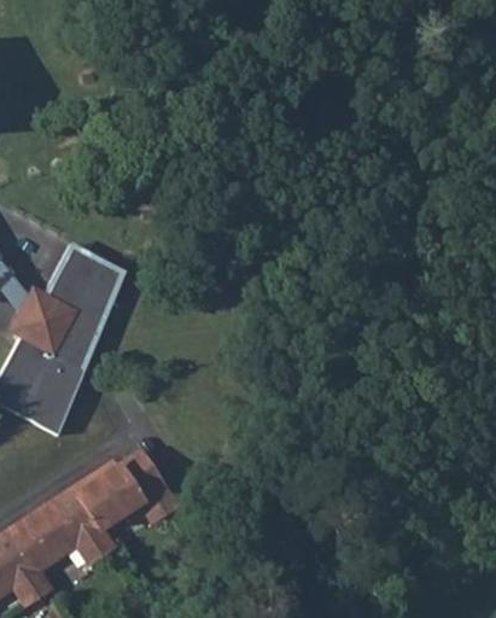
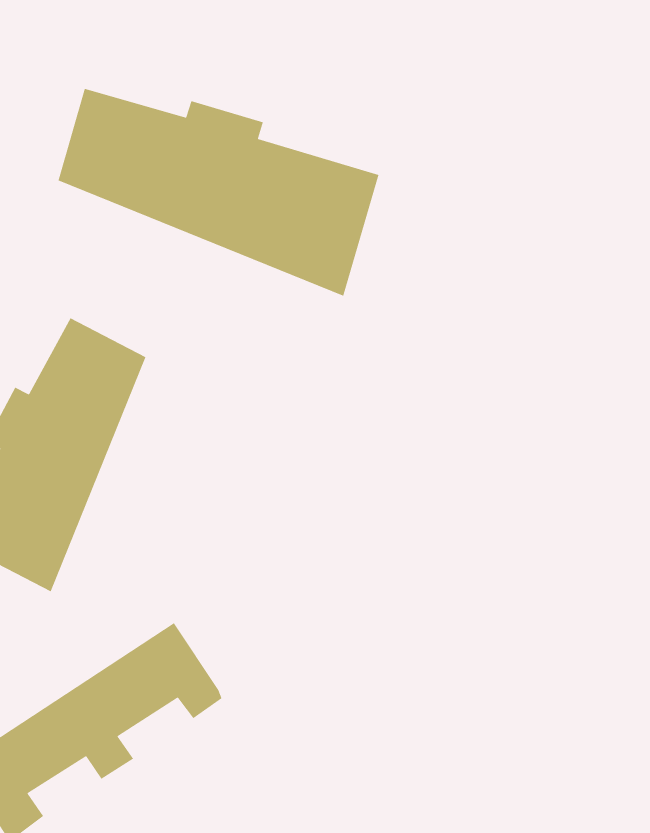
building: none -> [57,88,380,297]

